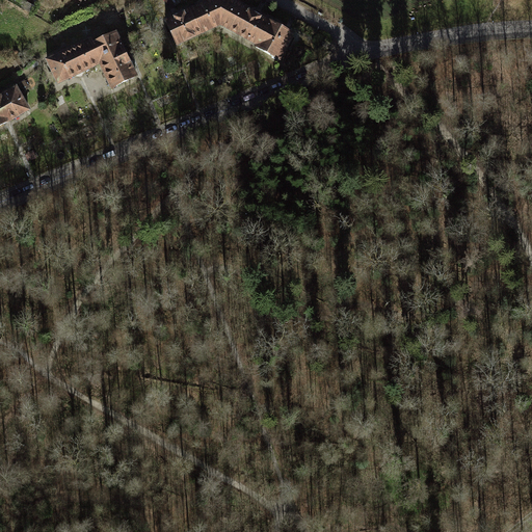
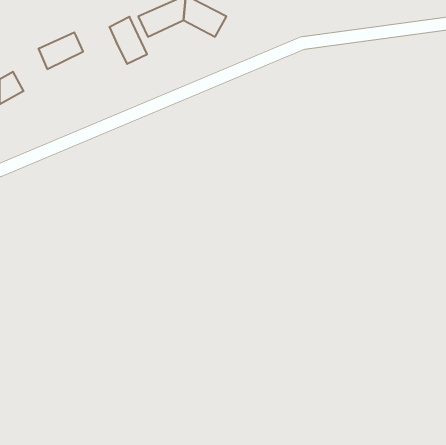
building: [255,20,292,58] -> none
building: [90,30,135,86] -> [109,17,147,64]

